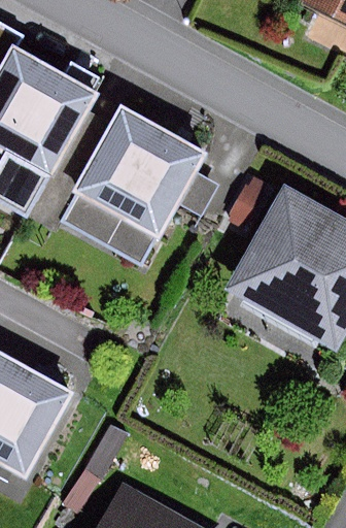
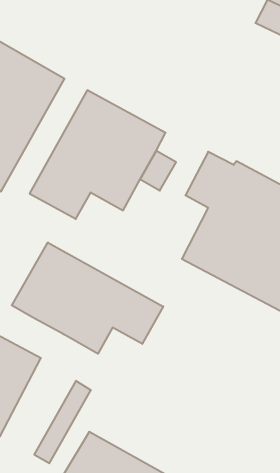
building: none -> [12,242,163,354]

